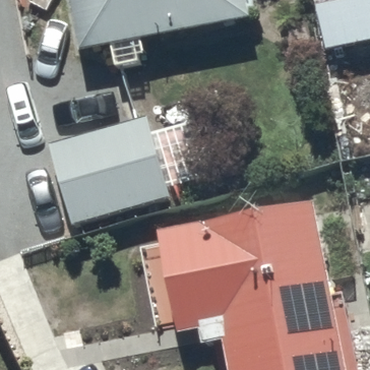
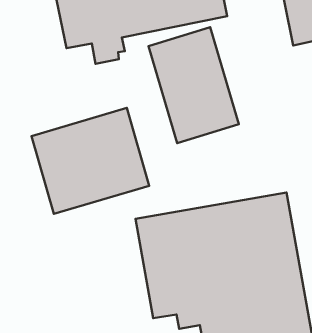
building: none -> [148,27,239,143]

